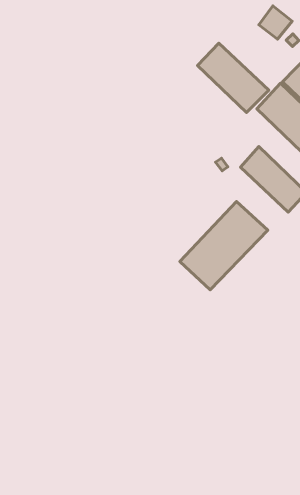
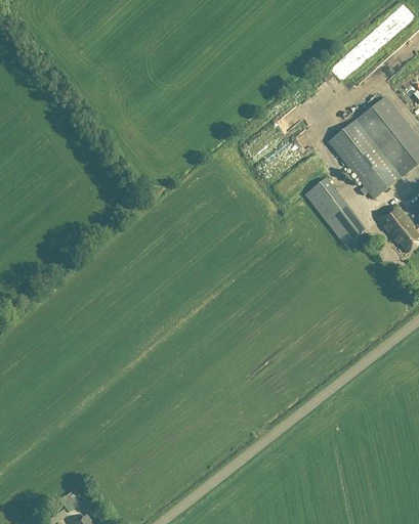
building: [197,43,269,112] -> none
building: [180,202,268,290] -> none

